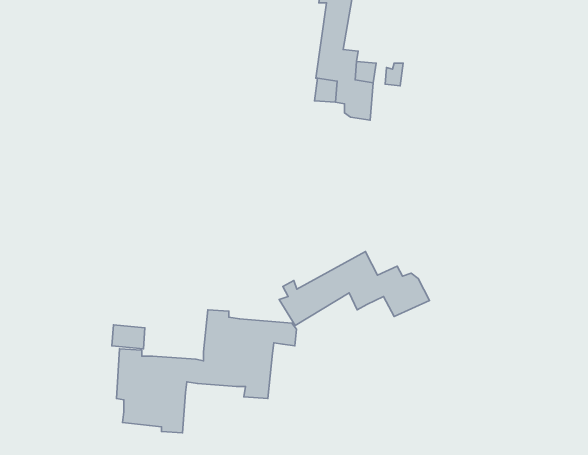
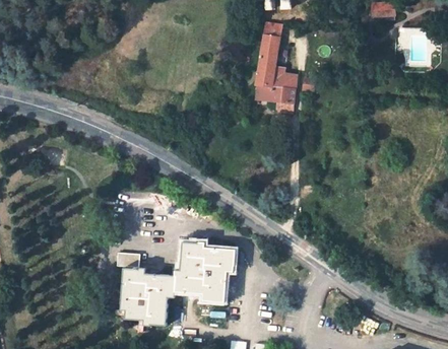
building: [279,252,429,325] -> none

